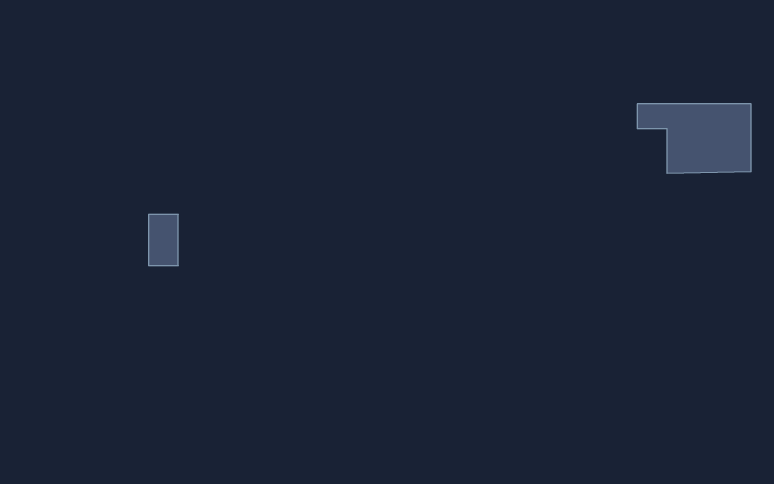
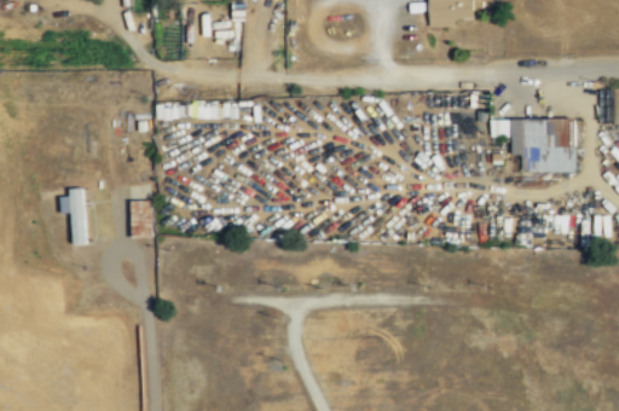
building: none -> [62,192,85,244]

